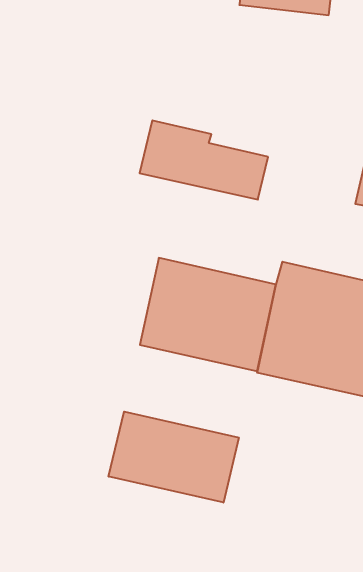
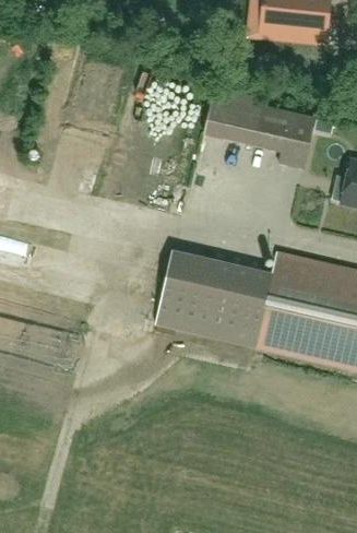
building: [140,120,268,200] -> [205,86,317,155]
building: [109,412,239,503] -> none

